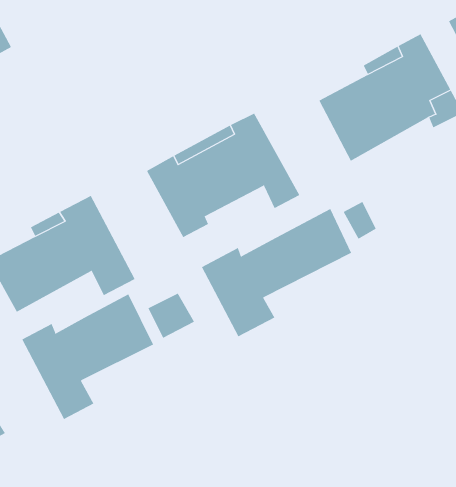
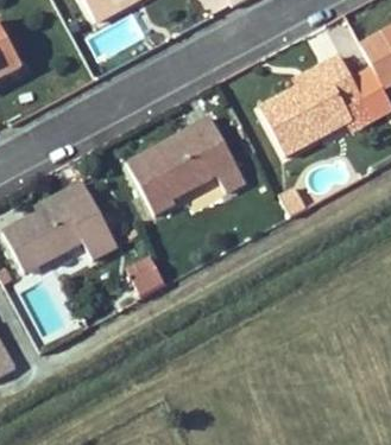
building: [201,208,352,337] -> none
building: [22,293,154,420] -> none

